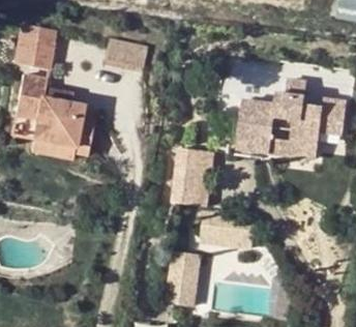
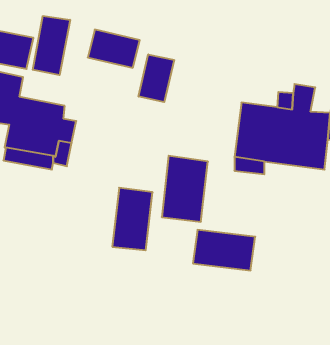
building: none -> [33,16,70,75]
building: none -> [139,54,174,102]
building: [165,250,201,306] -> [112,188,153,250]

